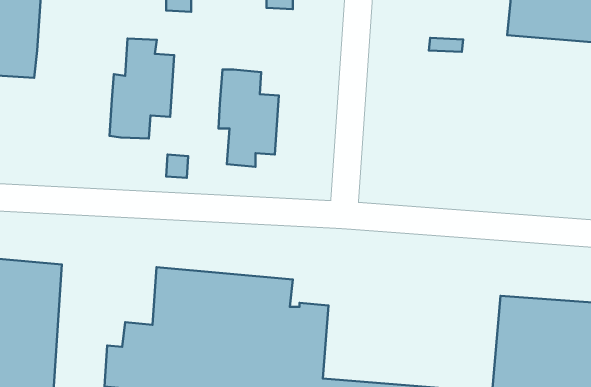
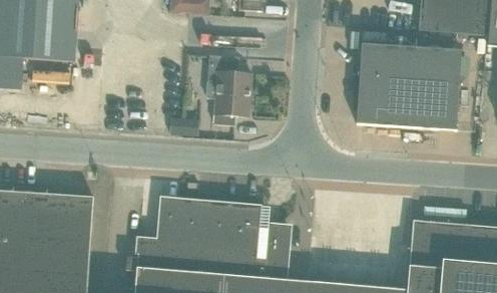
building: [110,38,174,138] -> none
building: none -> [353,43,461,129]

